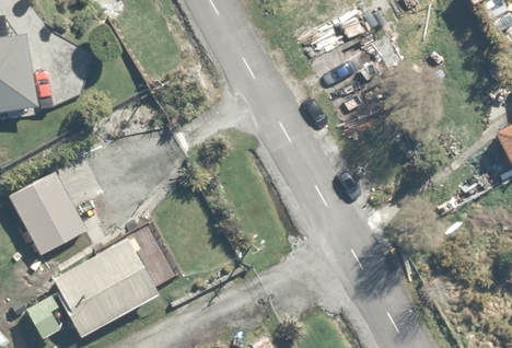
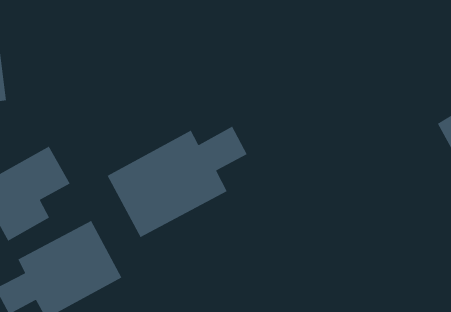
building: none -> [107,125,248,238]

